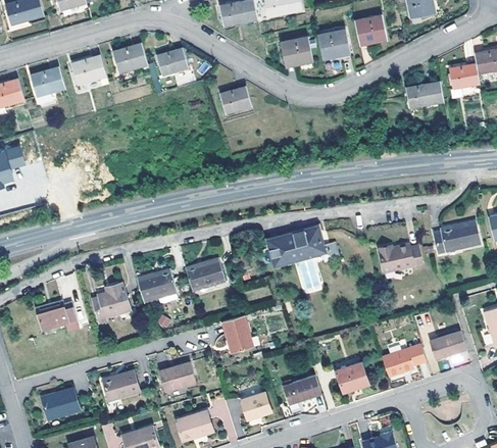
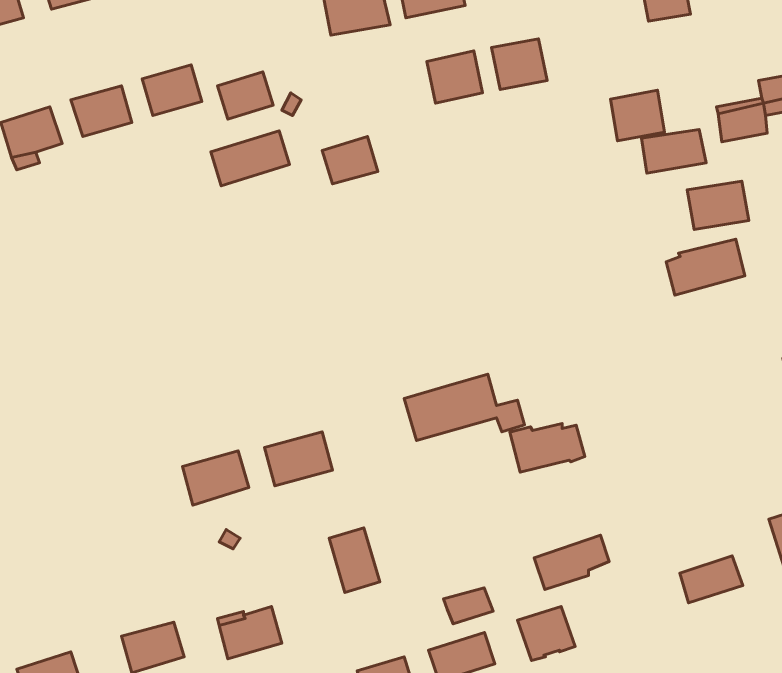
building: [355,16,387,46] -> [610,90,665,141]
building: none -> [211,131,290,186]
building: none -> [687,181,749,229]
building: [432,217,478,250] -> [666,239,745,295]
building: [378,243,421,271] -> [510,423,585,472]
building: [92,284,130,323] -> none
building: [38,301,77,331] -> none
building: [381,346,425,378] -> [534,535,609,589]
building: none -> [443,588,493,624]

